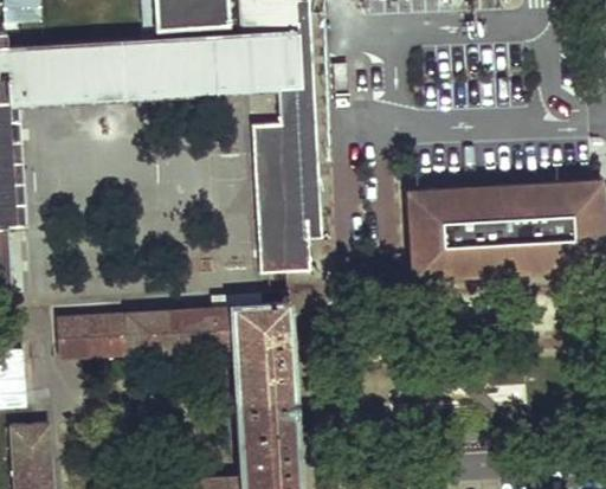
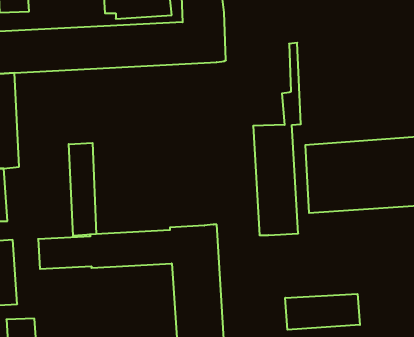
building: [251,20,314,272] -> [253,43,301,235]
building: none -> [69,143,96,236]
building: none -> [285,294,360,330]

